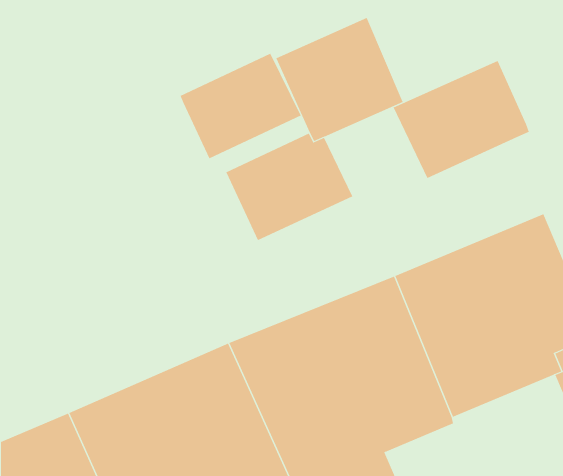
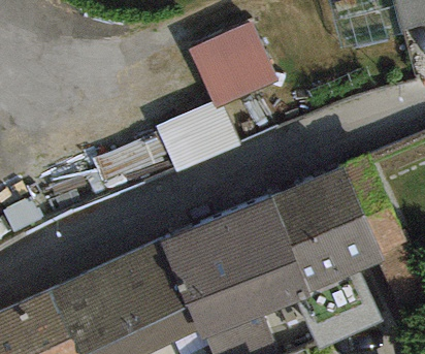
building: [180,53,302,159] -> none
building: [393,60,530,179] -> none

